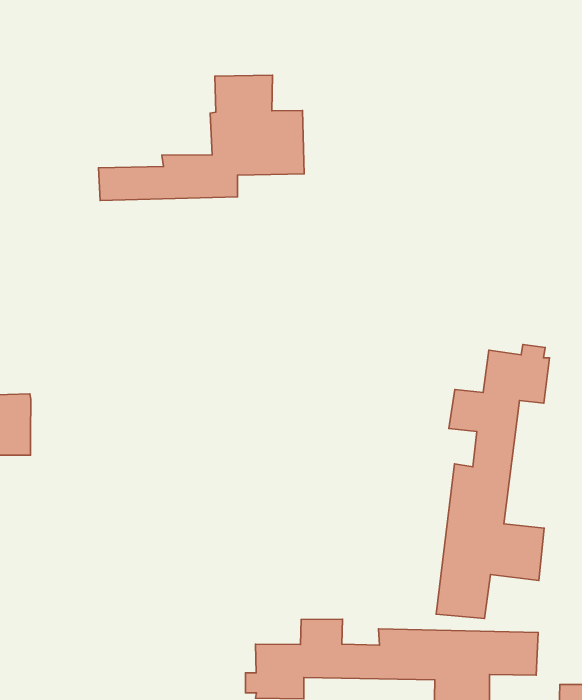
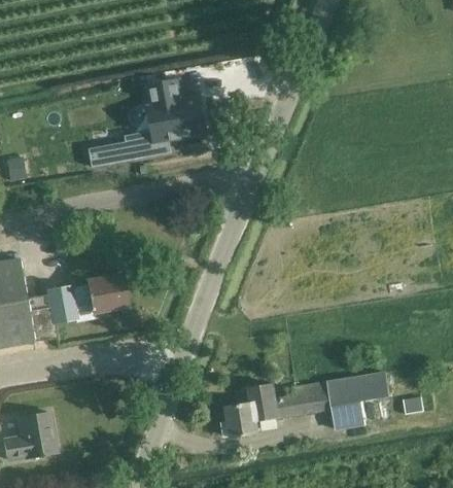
building: [436,345,550,618] -> none
building: none -> [72,273,128,318]

